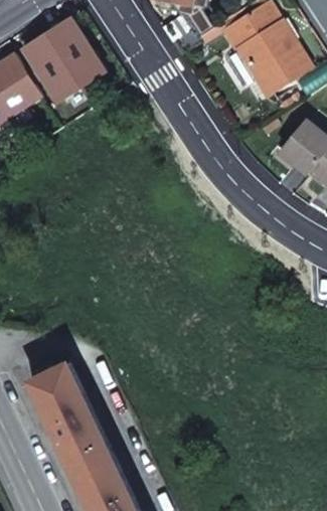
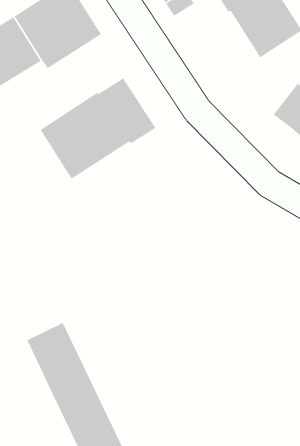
building: none -> [40,78,156,180]

